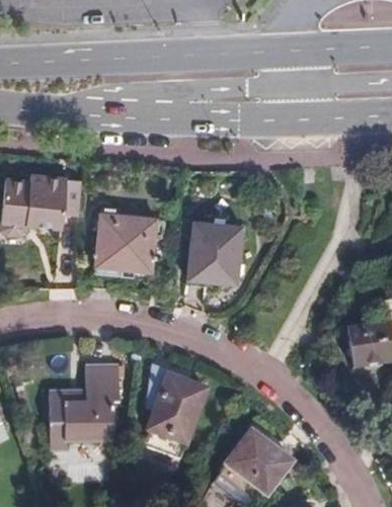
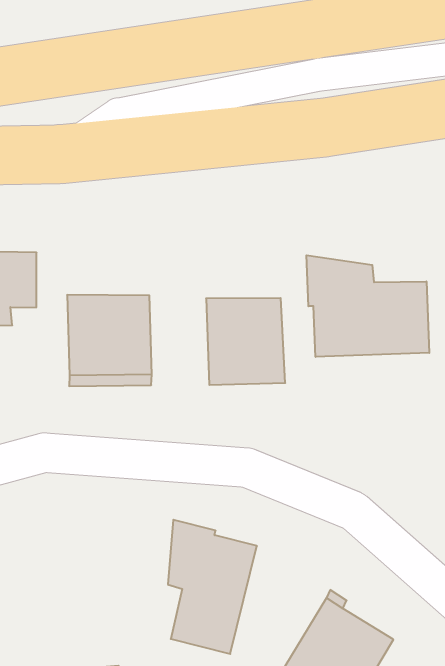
building: none -> [306,255,429,357]
building: [50,364,120,442] -> none

